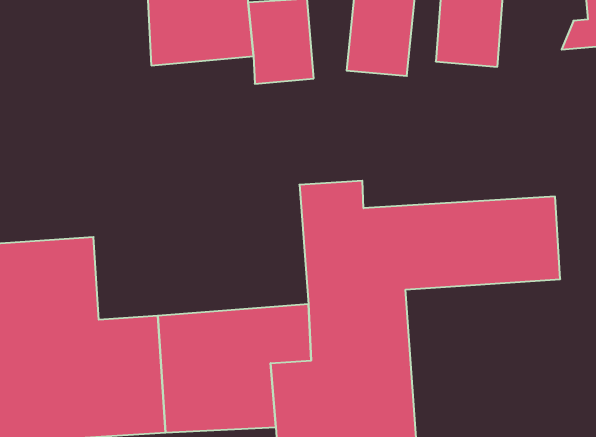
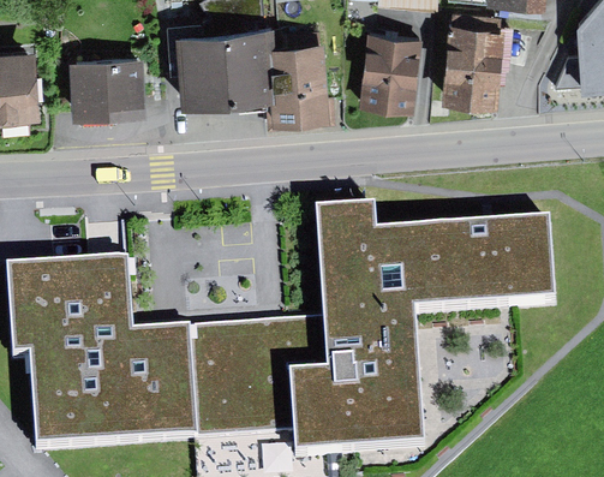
building: none -> [70,58,146,115]

